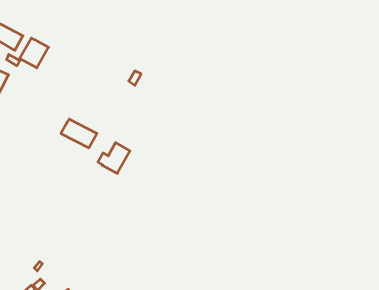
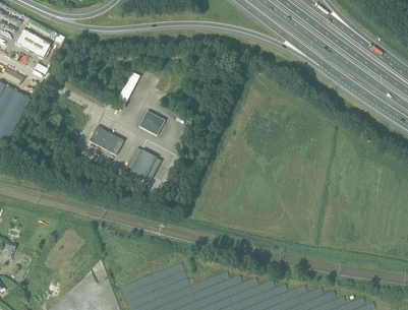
building: [19,38,49,68] -> none
building: none -> [139,114,166,138]

